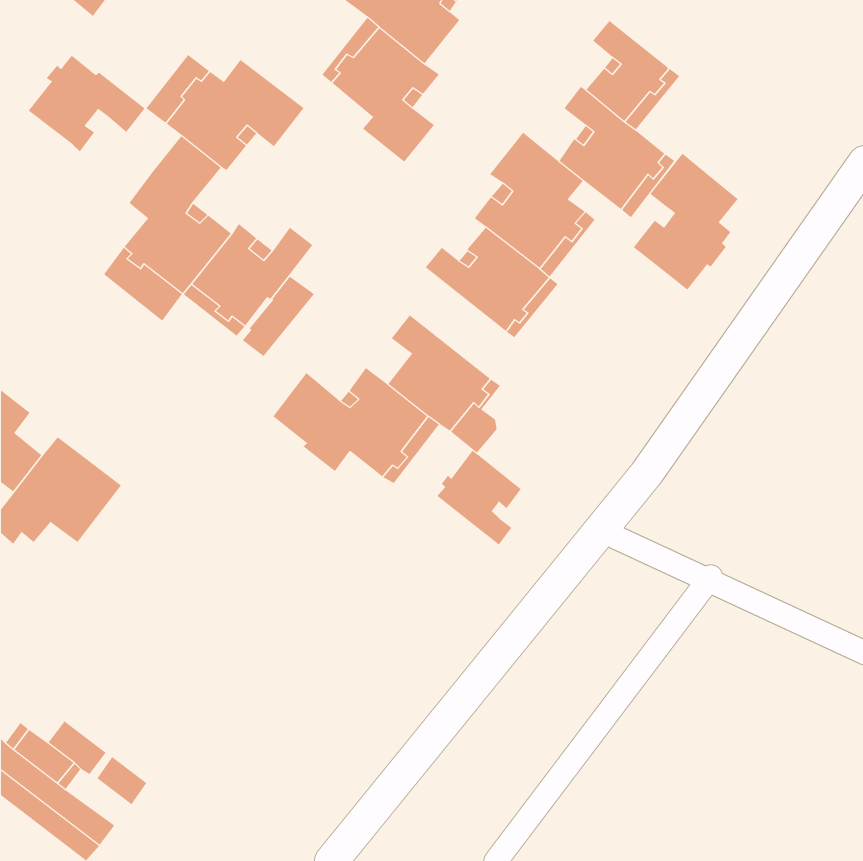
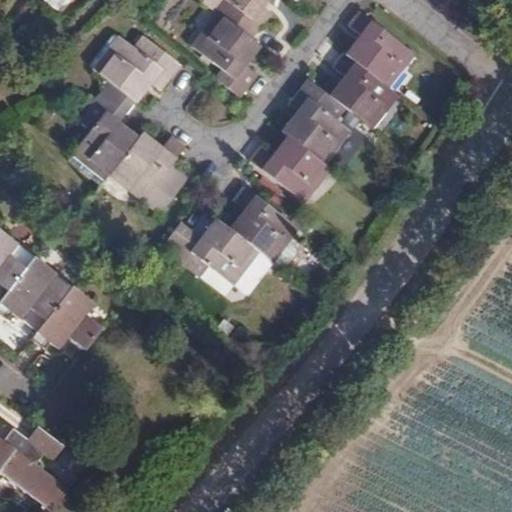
building: [28,55,146,152] -> none
building: [633,153,738,290] -> none
building: [437,450,522,545] -> none
building: none -> [32,286,102,353]

